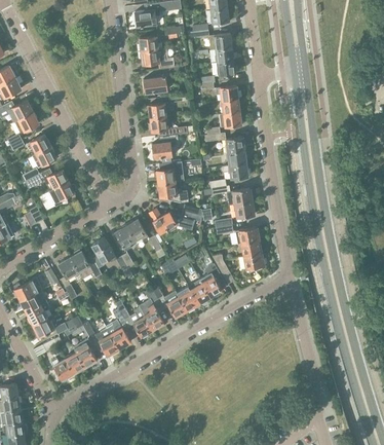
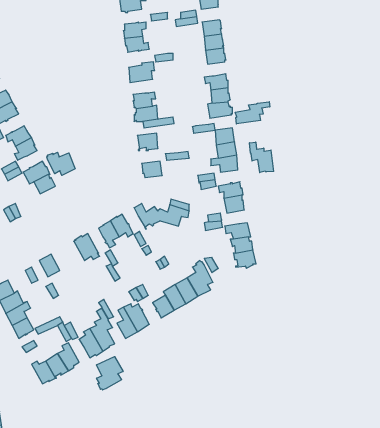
building: none -> [235,102,270,124]
building: none -> [250,142,274,173]
building: none -> [47,152,75,175]
building: [157,182,188,202] -> none
building: [70,249,105,283] -> none
building: none -> [97,357,123,390]

